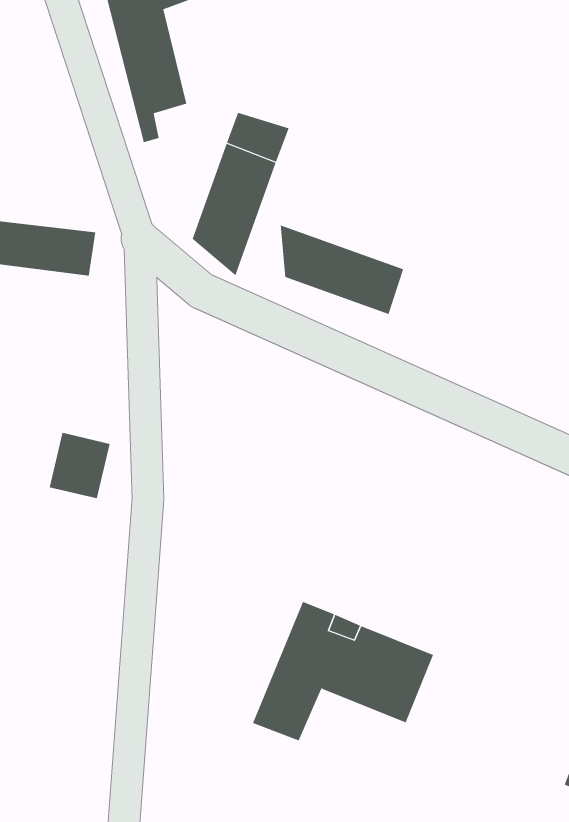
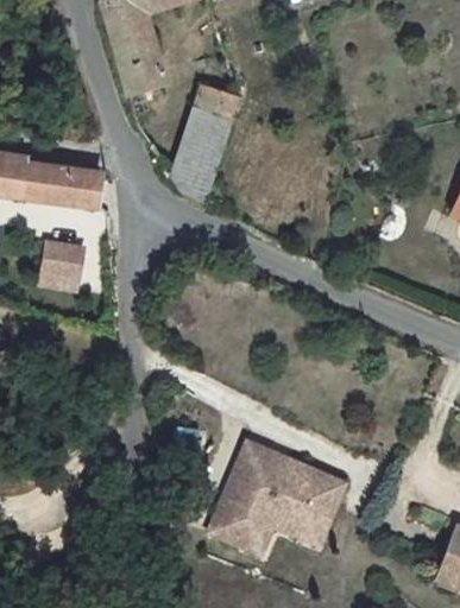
building: [280,224,404,315] -> none
building: [49,432,110,499] -> [40,242,86,291]
building: none -> [247,505,326,550]

